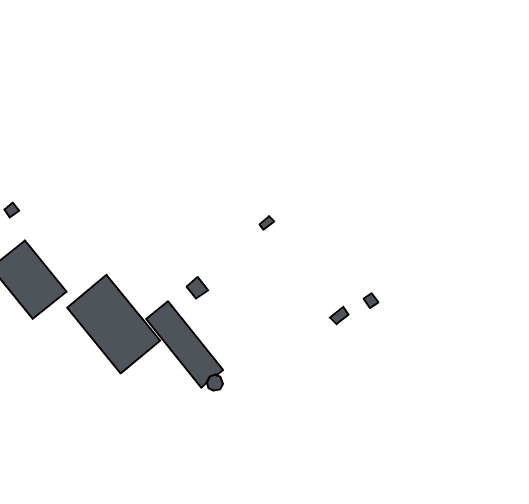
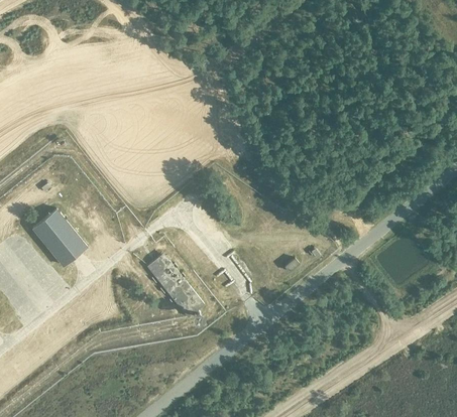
building: [67,275,160,373] -> none

